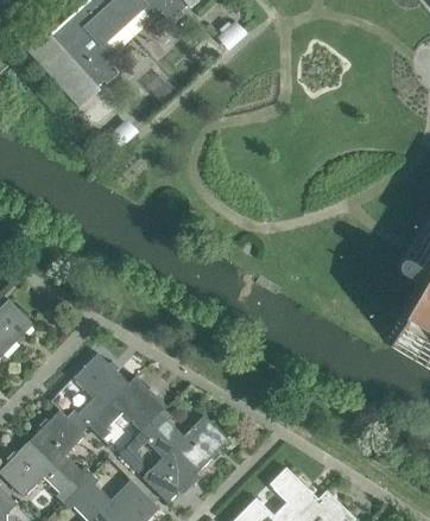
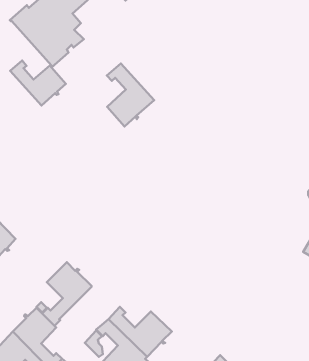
building: none -> [10,61,66,105]
building: none -> [107,63,154,127]
building: [88,376,166,440] -> none

